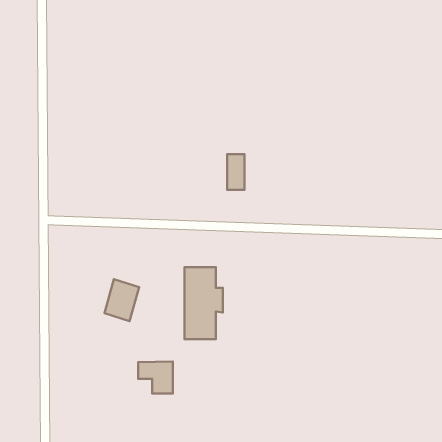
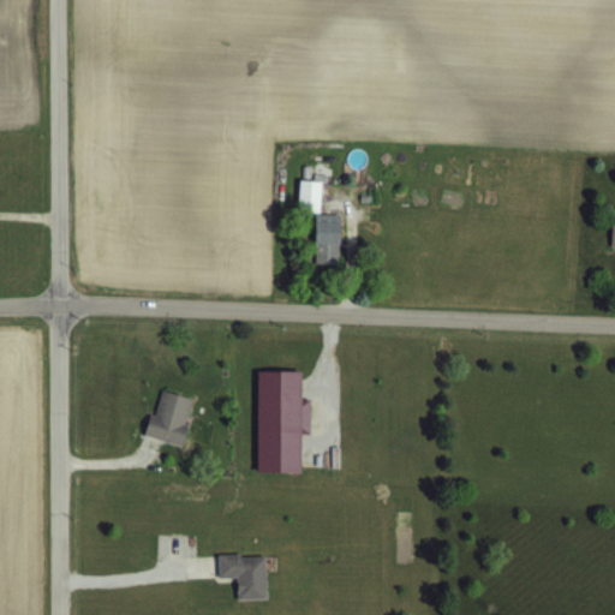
building: none -> [300,181,321,214]
building: [138,361,173,394] -> [220,555,268,599]

